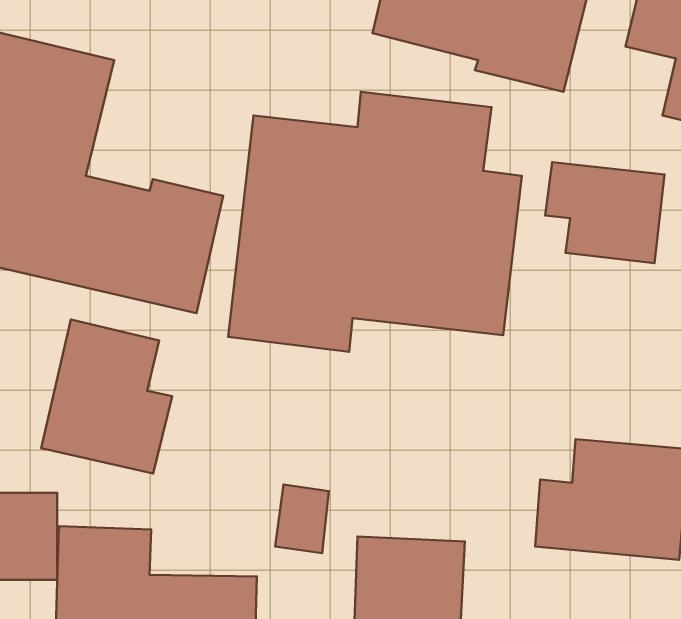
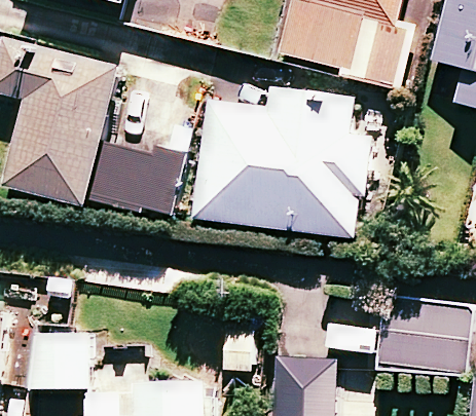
building: [545,162,664,263] -> none
building: [41,320,172,474] -> none

